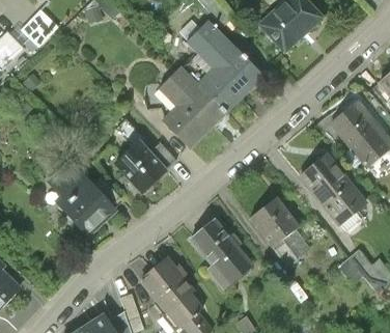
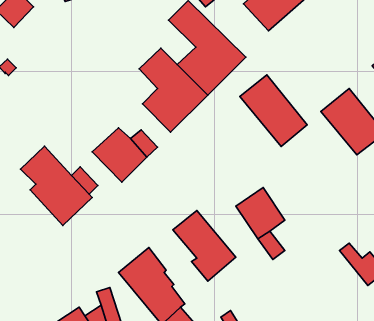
building: [301,156,365,224] -> [240,75,307,147]

